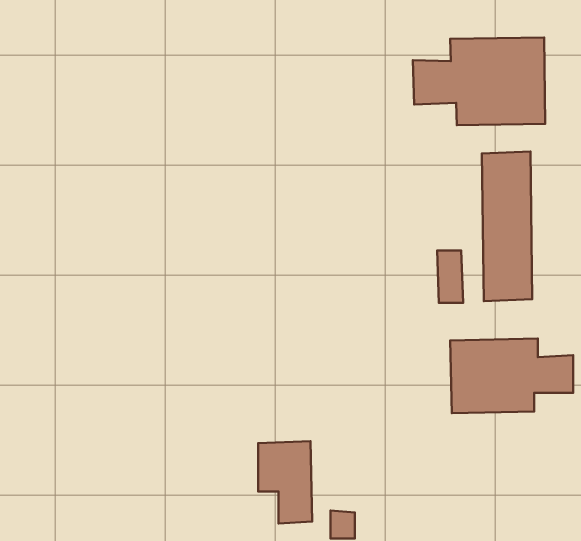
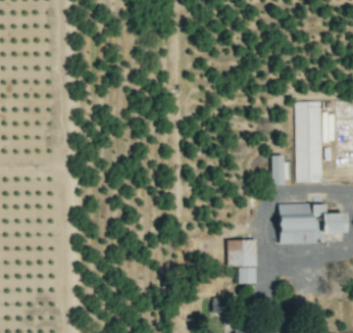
building: [413,38,545,125] -> none
building: [258,441,312,523] -> [226,239,256,284]

